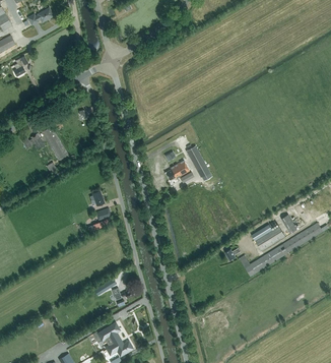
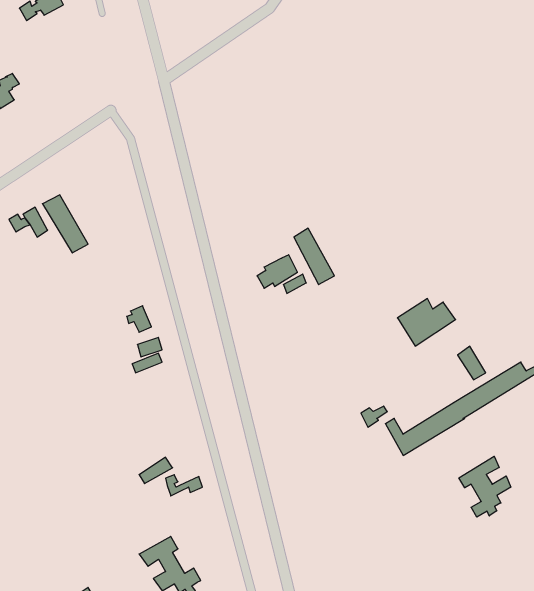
building: [252,224,285,251] -> [397,299,456,346]
building: none -> [459,456,511,517]

